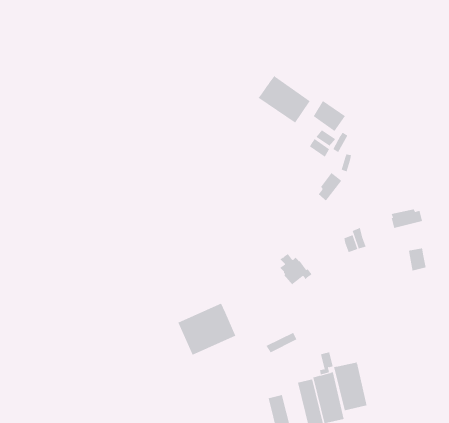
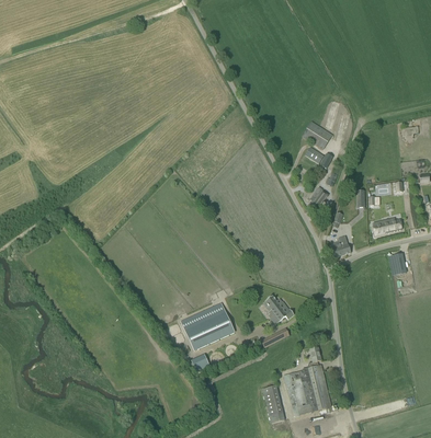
building: [258,74,311,123] -> none
building: [280,253,312,285] -> [264,295,294,323]
building: [334,362,367,411] -> none

